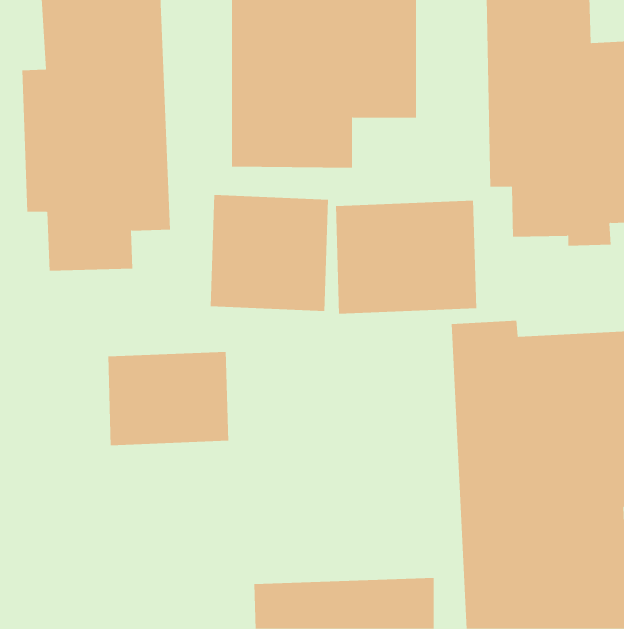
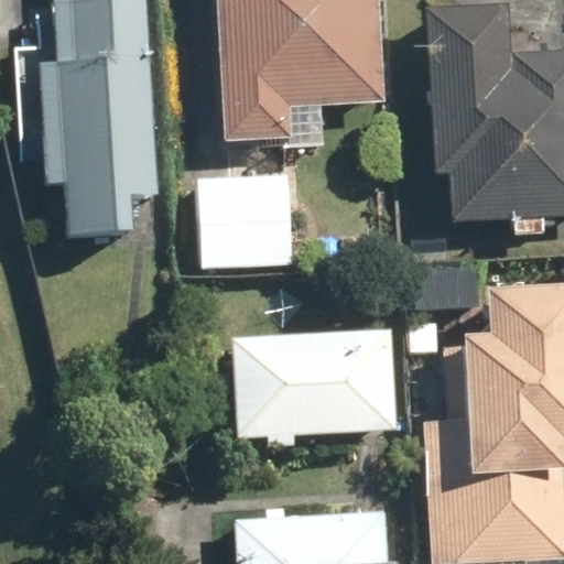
building: [336,200,477,315] -> none
building: [108,351,229,446] -> none
building: none -> [229,333,397,449]

